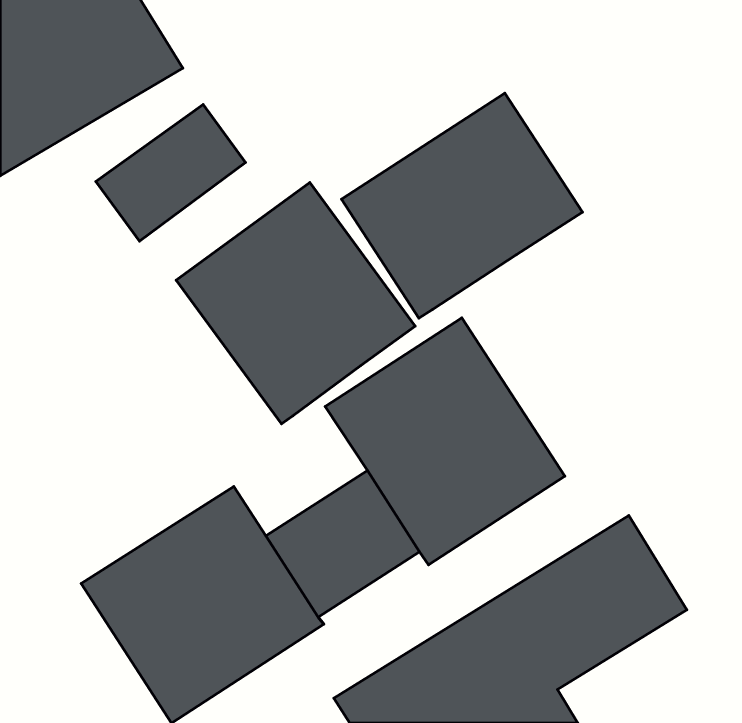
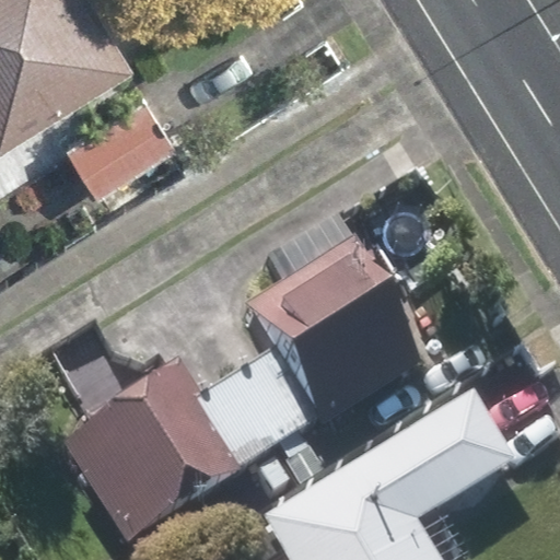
building: [341,93,582,318] -> none
building: [176,183,415,424] -> none

